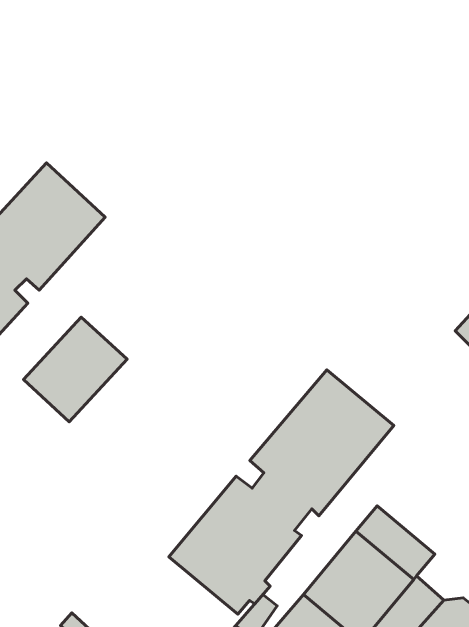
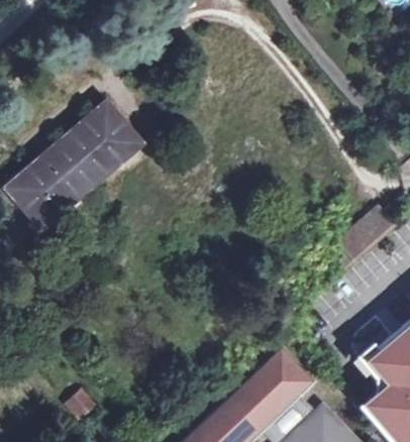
building: [23,317,127,422] -> none
building: [169,370,394,614] -> none

